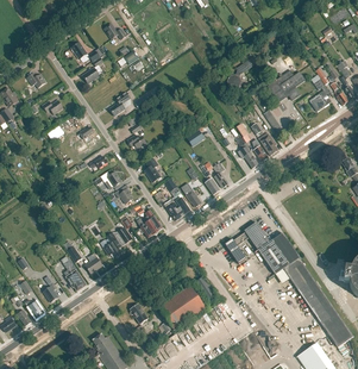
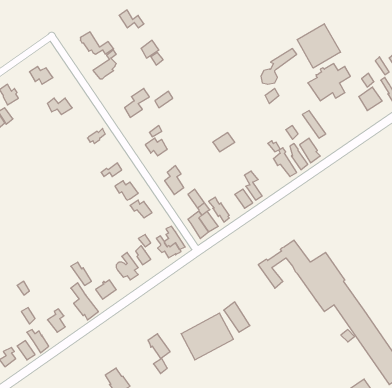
building: none -> [297,24,341,68]

